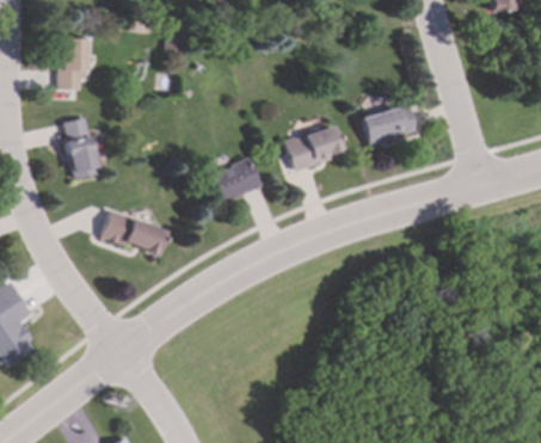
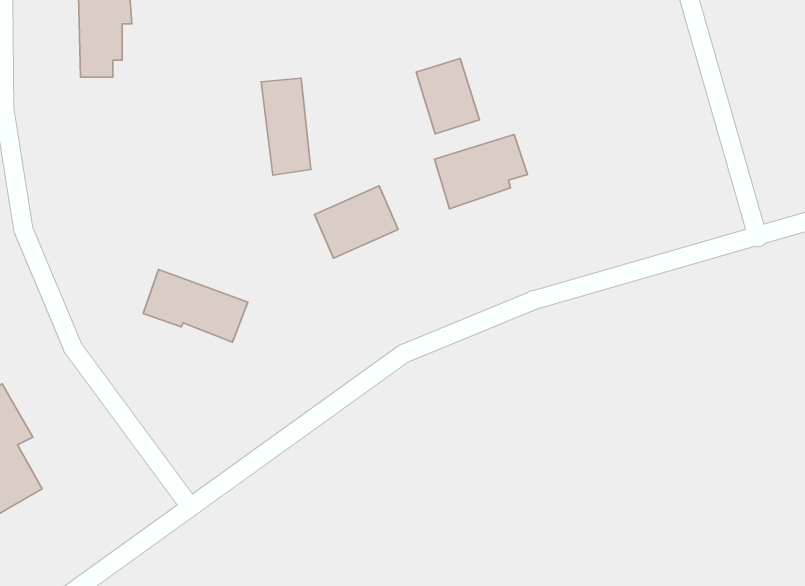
building: none -> [416,58,479,134]
building: [359,104,413,146] -> none
building: [64,118,96,179] -> [261,78,311,175]

